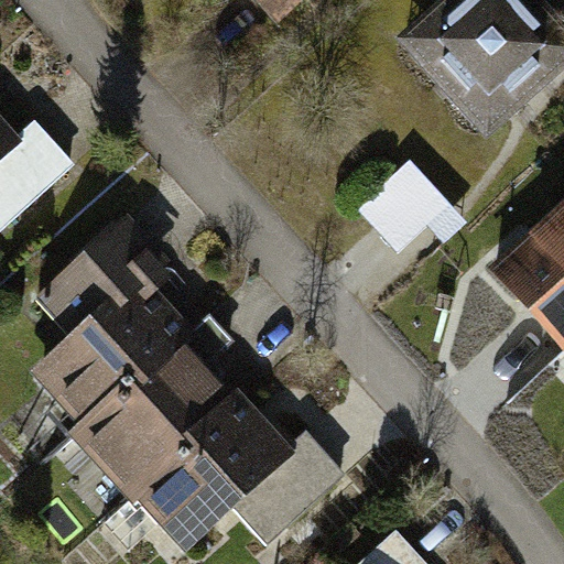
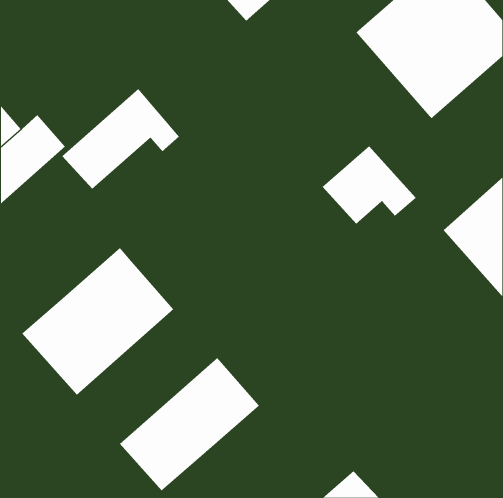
building: [35,220,167,334] -> [62,88,180,190]
building: [86,346,243,497] -> none
building: [231,438,344,546] -> none

